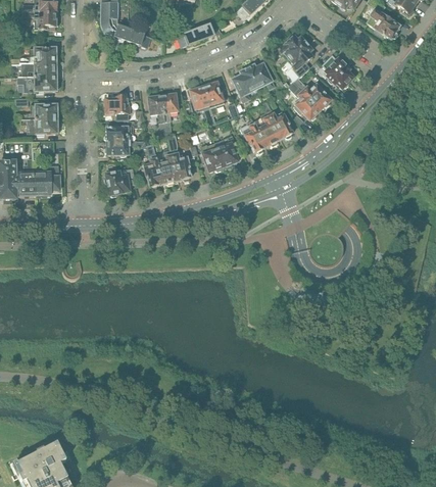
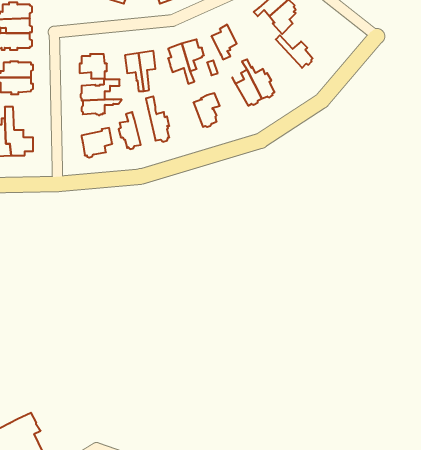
building: [323,54,355,86] -> none
building: [247,62,275,87] -> none
building: [290,81,320,118] -> none
building: [240,118,268,152] -> none
building: [200,142,224,171] -> none
building: [157,148,178,183] -> none

